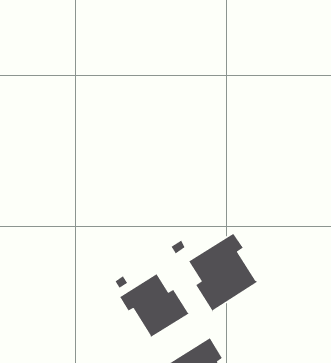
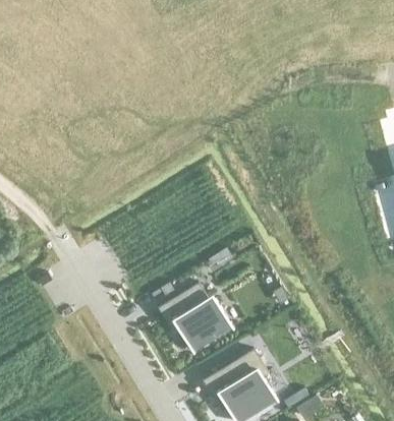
building: [188,233,258,313] -> none

